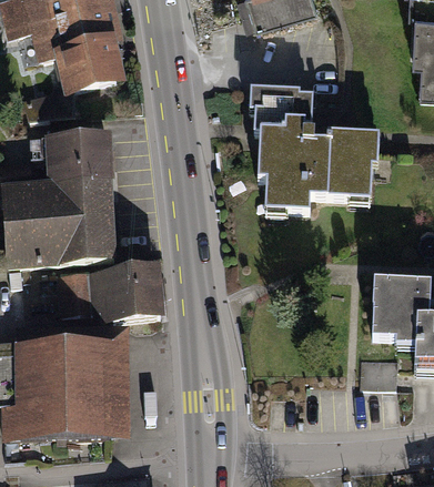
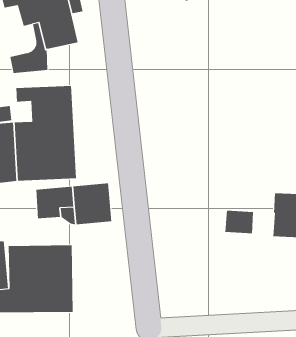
building: [250,90,380,212] -> none
building: [22,327,130,437] -> none
building: [359,358,397,389] -> [224,210,254,234]

